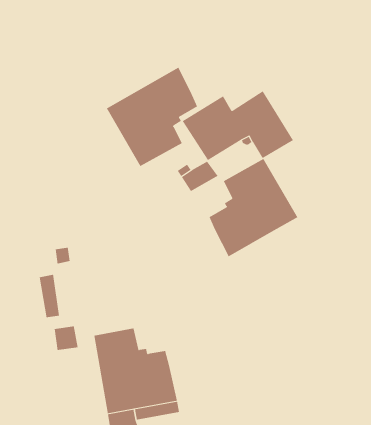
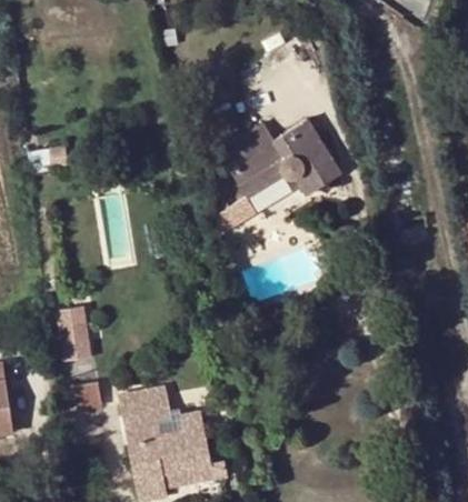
building: [106,67,198,167] -> none
building: [209,158,298,257] -> none

